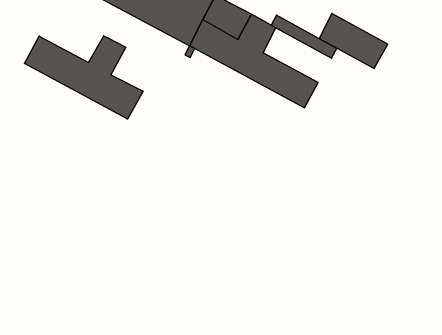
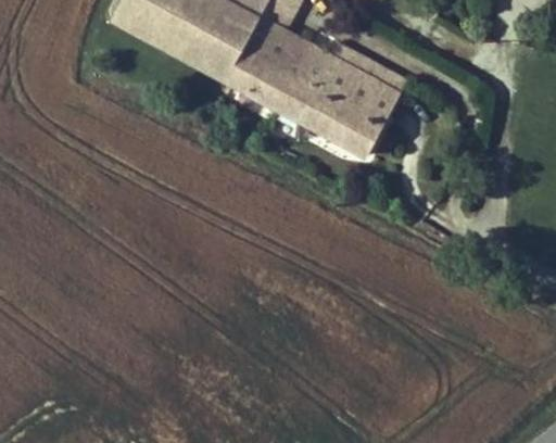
building: [319,13,388,68] -> [318,58,401,124]
building: [24,36,143,119] -> none

